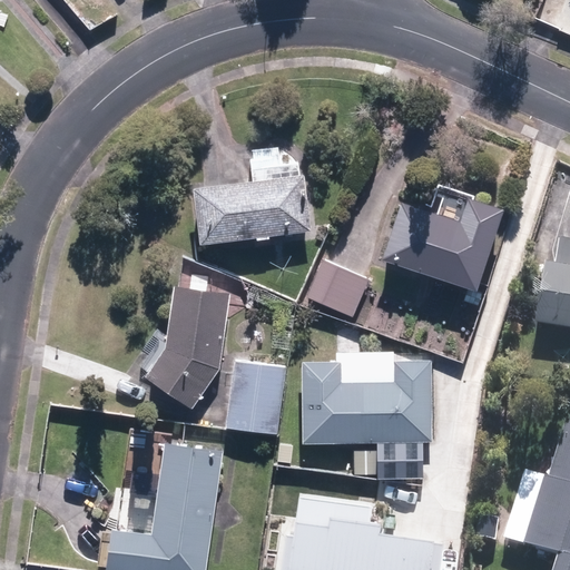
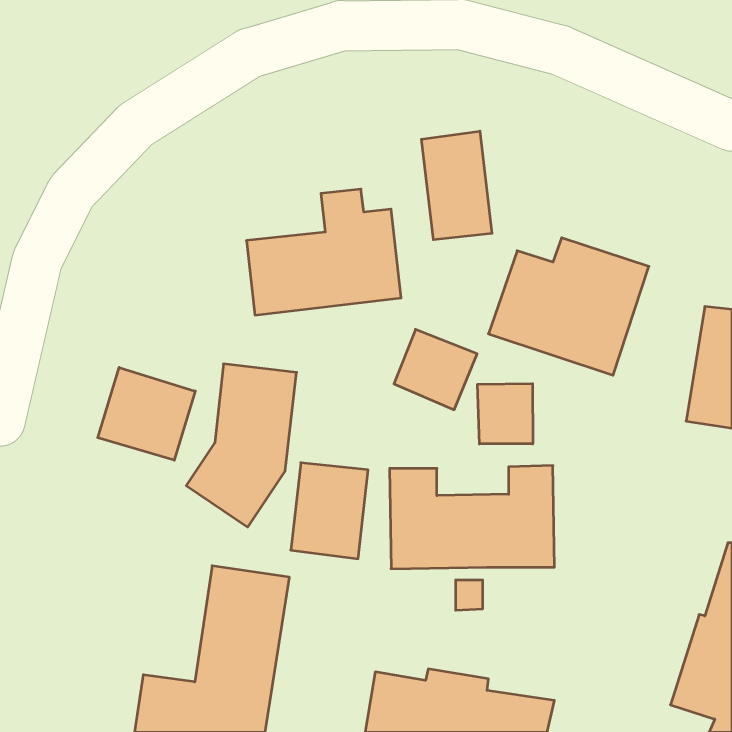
building: none -> [421,131,492,240]
building: none -> [98,367,195,460]
building: none -> [478,384,533,444]
building: [379,441,424,479] -> none

